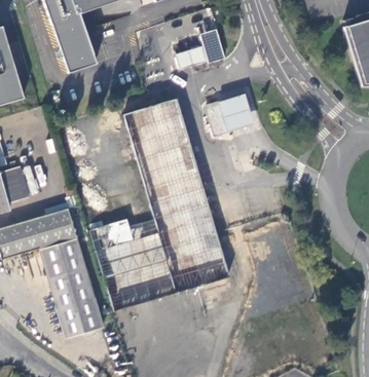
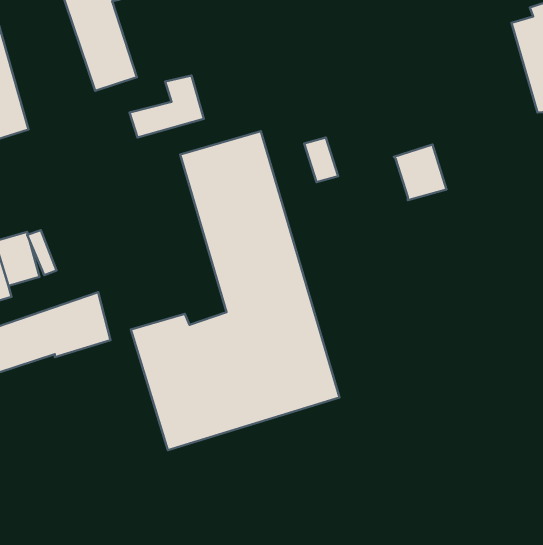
building: [176,29,225,70] -> [130,75,204,137]
building: [219,93,254,130] -> [394,145,446,200]
building: [40,237,104,338] -> none

